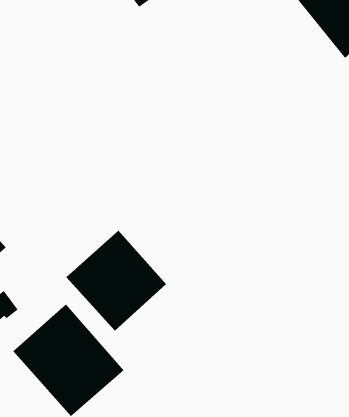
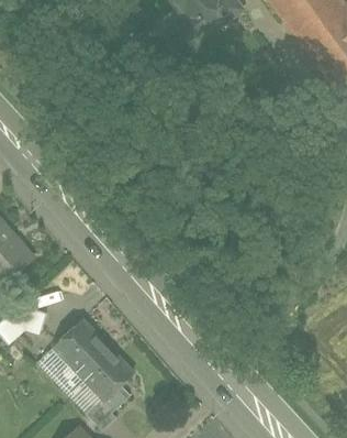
building: [66,230,167,332] -> none

